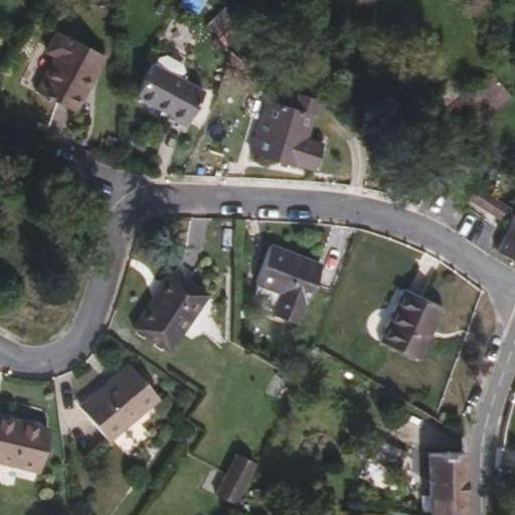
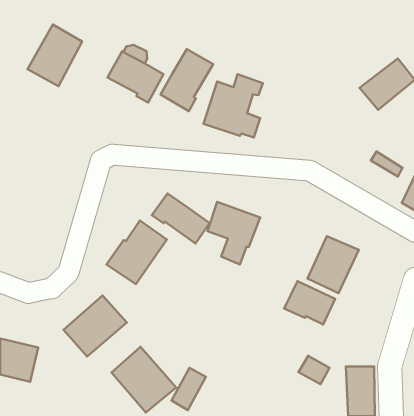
building: none -> [161,49,213,111]
building: none -> [152,194,209,243]
building: none -> [284,281,335,324]
building: none -> [111,347,176,413]

